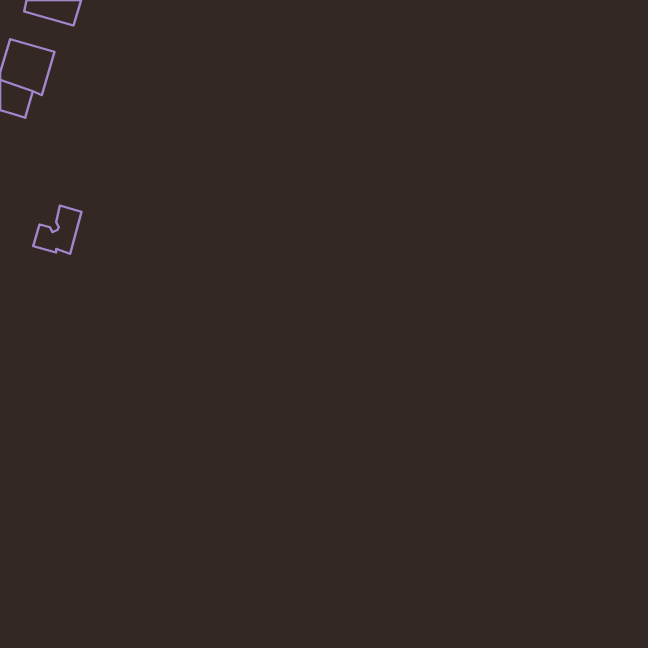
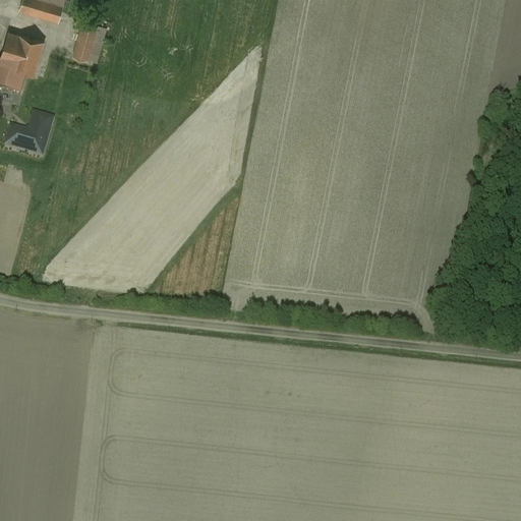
building: none -> [73,20,99,60]
building: [33,206,82,254] -> [13,114,52,153]

